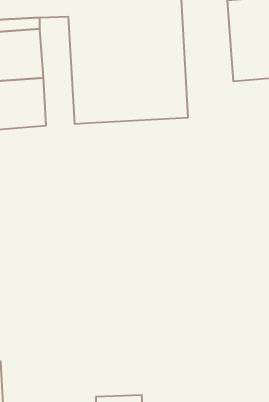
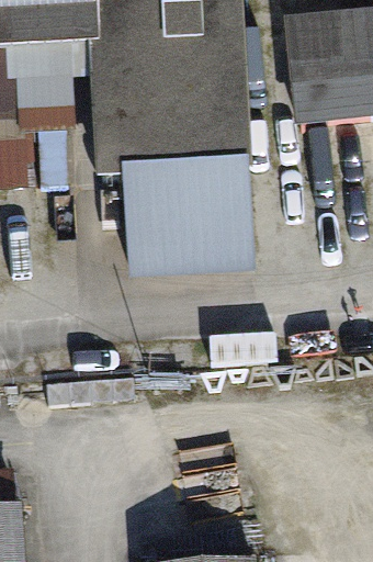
building: none -> [125,169,252,278]

